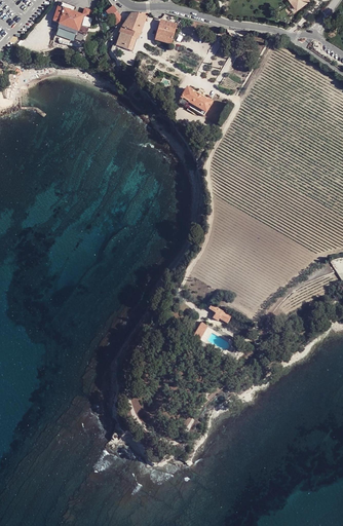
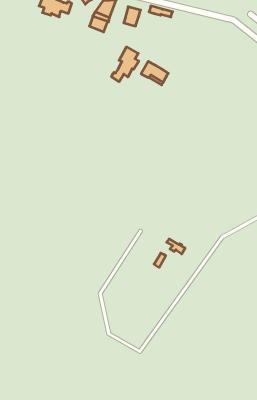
building: none -> [112,47,139,82]

